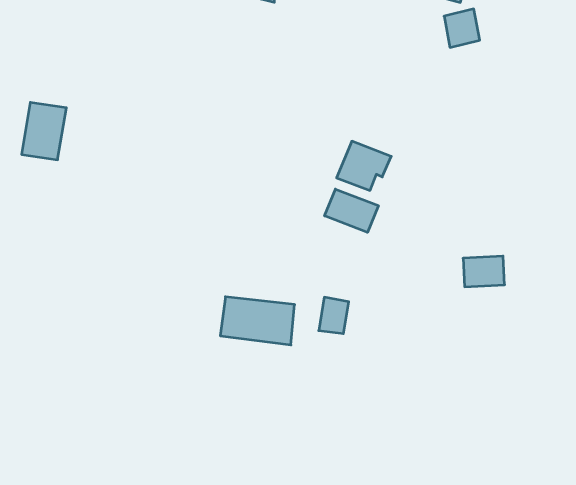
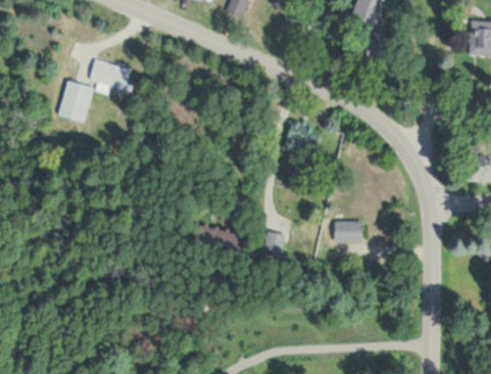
building: none -> [89,57,132,91]
building: [325,189,378,232] -> none
building: [463,256,505,287] -> [334,221,362,241]

